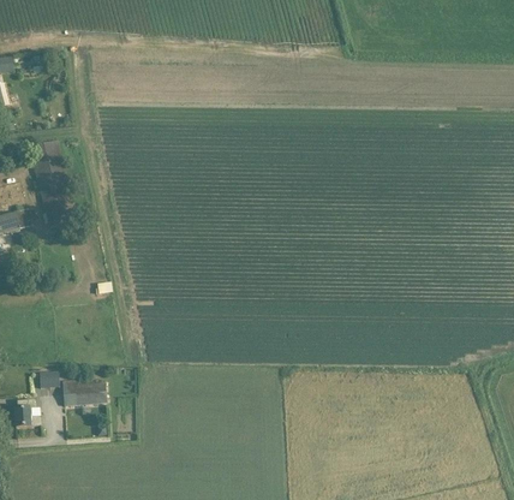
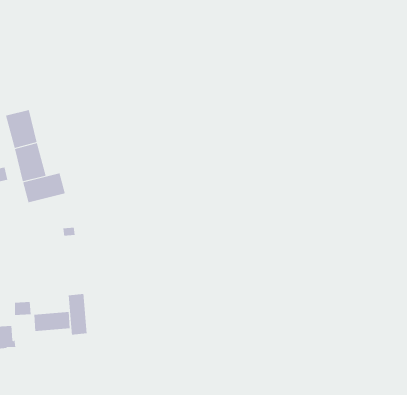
building: none -> [23,173,65,203]
building: none -> [68,293,87,336]

